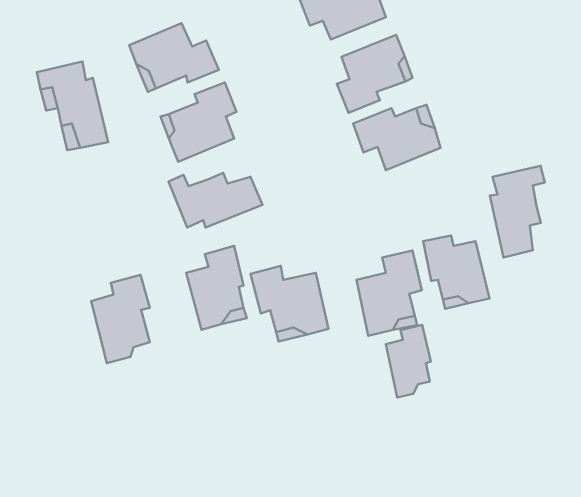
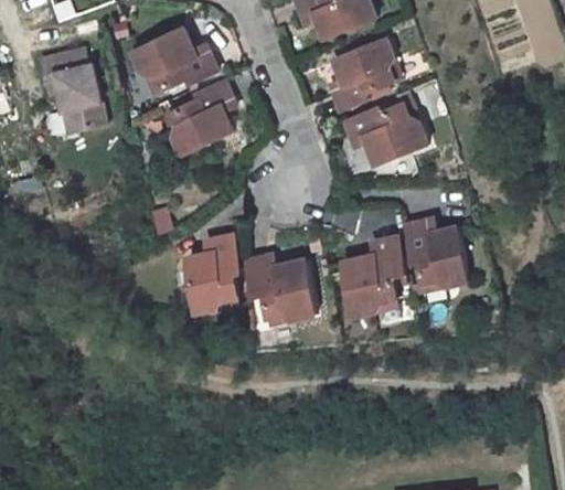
building: [490,166,545,258] -> none
building: [168,173,263,228] -> none
building: [91,275,150,363] -> none
building: [386,325,431,398] -> none

